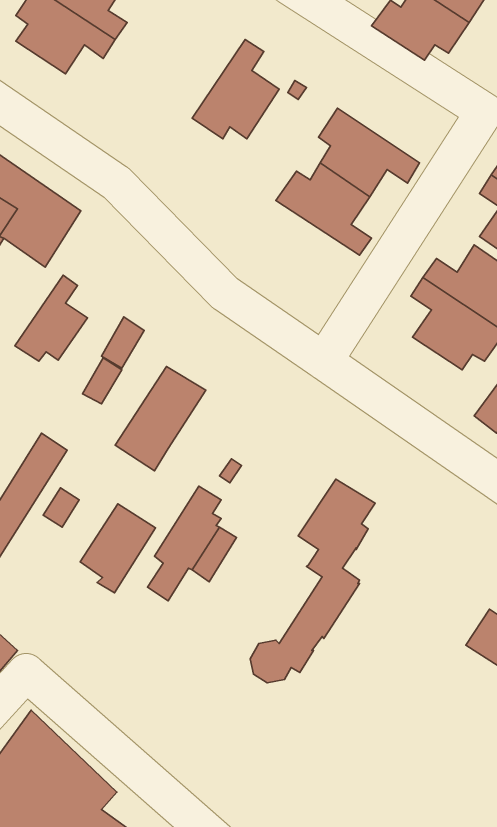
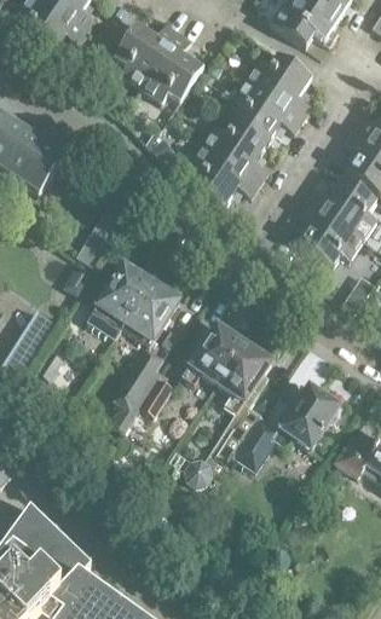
building: none -> [114,22,179,87]
building: none -> [244,54,311,118]
building: none -> [187,145,260,208]
building: [15,275,88,361] -> none
building: none -> [180,323,243,382]
building: [80,504,155,593] -> [125,279,178,342]
building: none -> [235,384,339,468]

